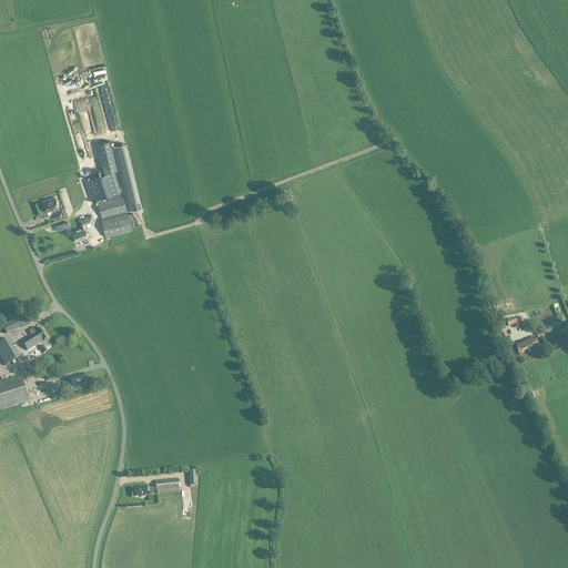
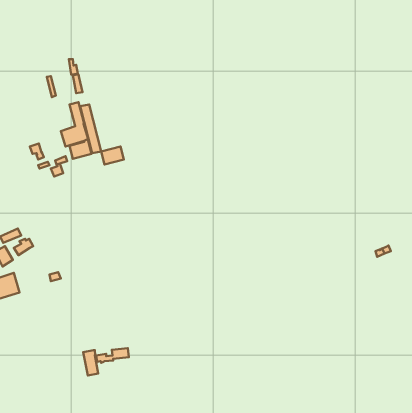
building: [99,212,130,236] -> [101,147,124,164]
building: none -> [83,350,98,376]

